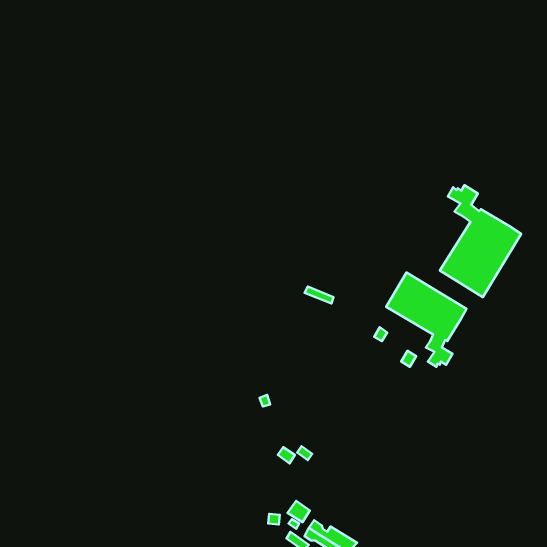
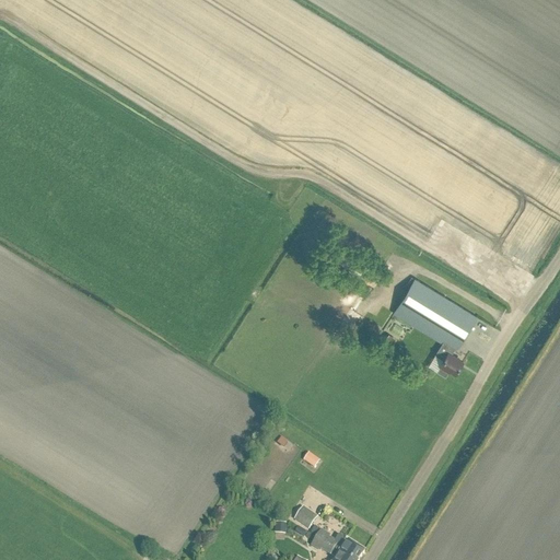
building: [440,185,521,297] -> none

